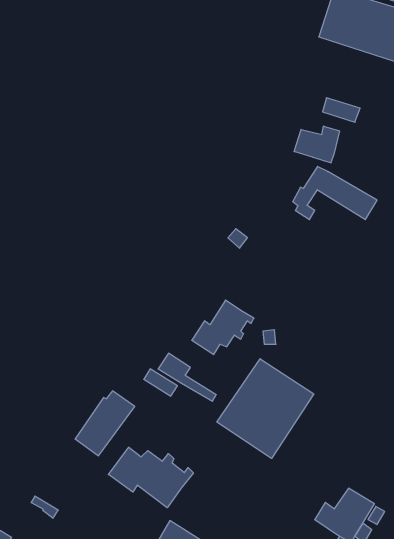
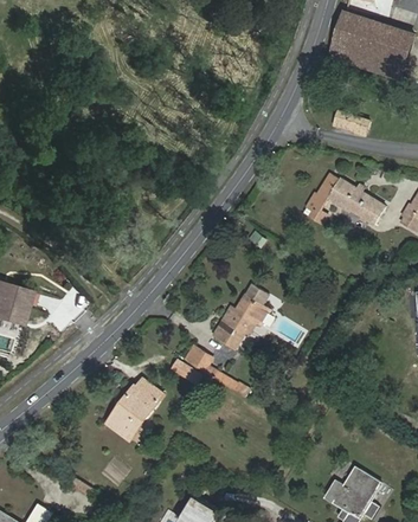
building: [294,126,340,163] -> none
building: [217,359,314,458] -> none
building: [108,447,193,508] -> none

